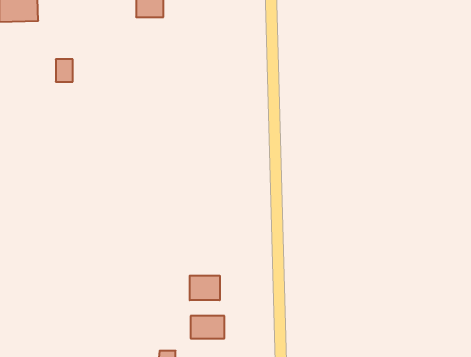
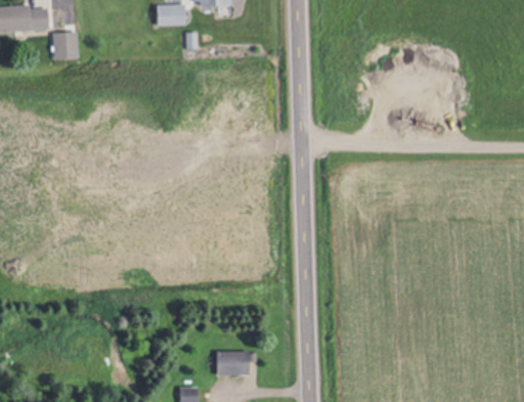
building: [56,59,73,82] -> [54,34,73,58]
building: [190,276,220,300] -> none

